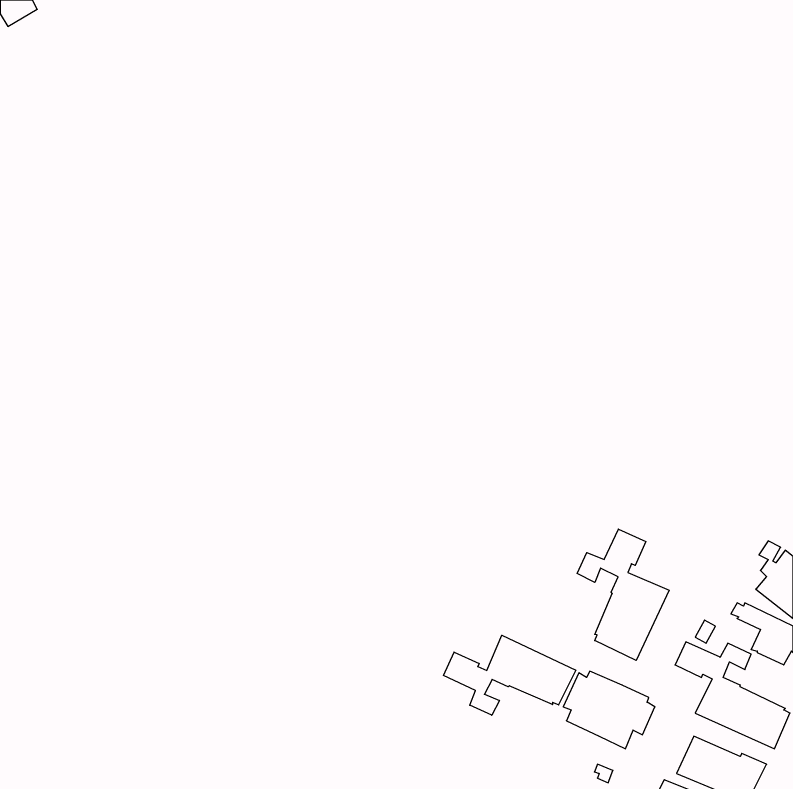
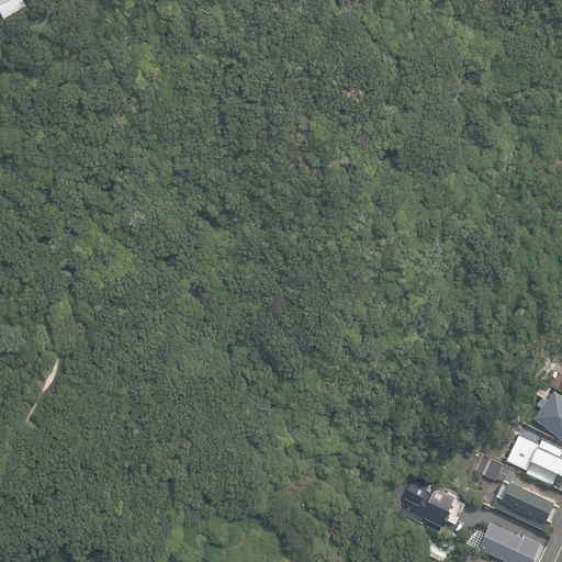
building: [577,529,669,660] -> none
building: [443,635,576,715] -> none

